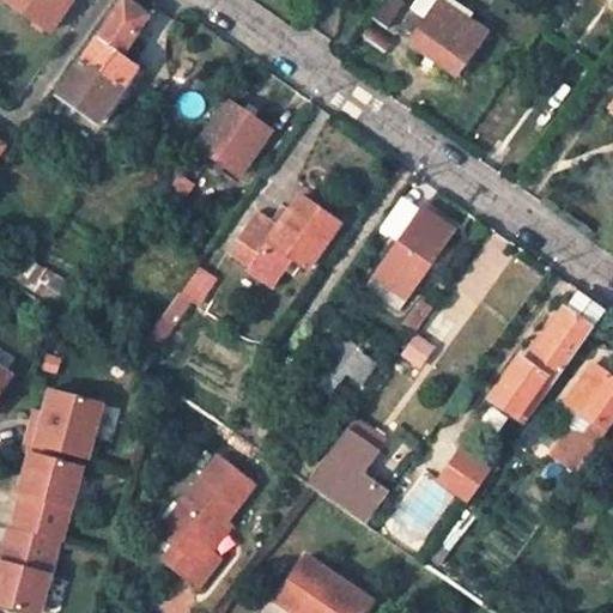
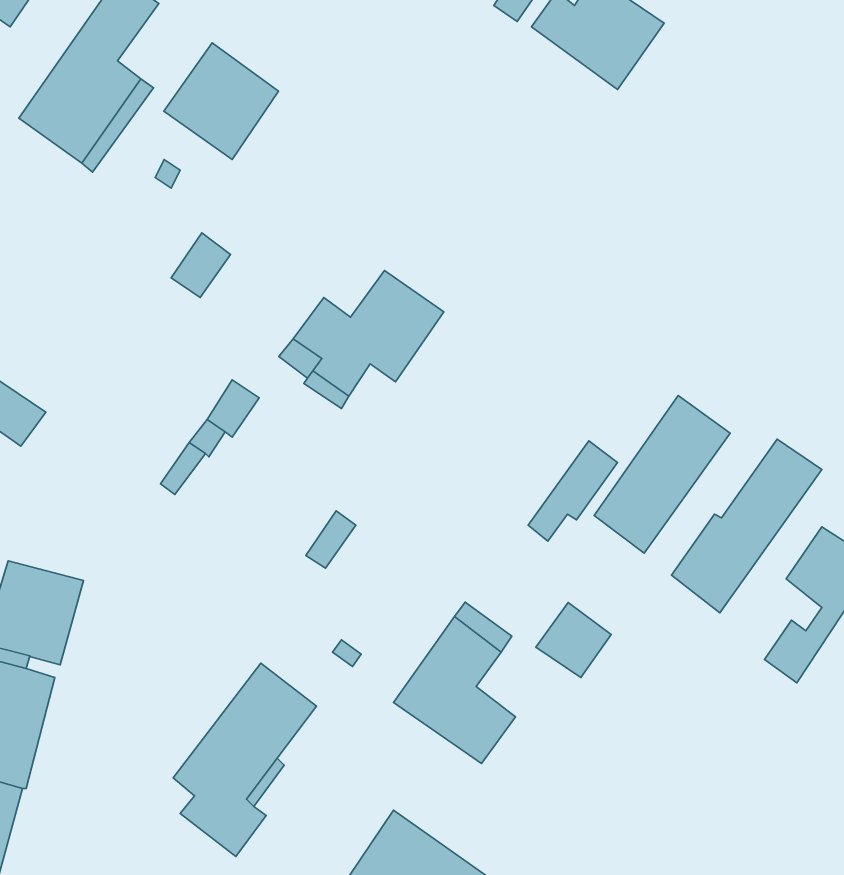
building: [194,98,271,176] -> [164,43,279,159]
building: [366,205,457,310] -> [594,396,730,553]
building: [318,333,376,392] -> none
building: [439,449,490,499] -> [536,602,611,678]

